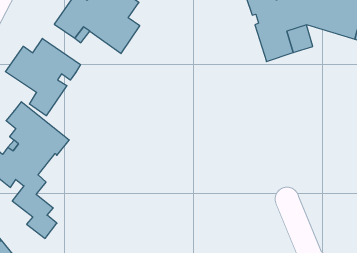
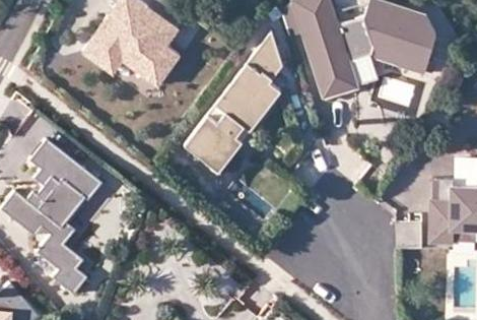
building: none -> [186,31,284,173]
building: [5,38,80,116] -> none

